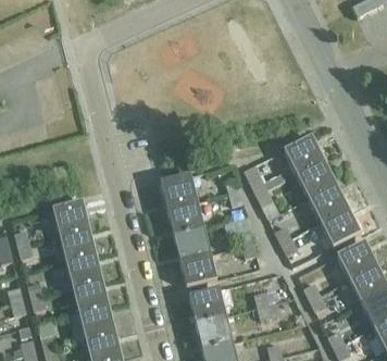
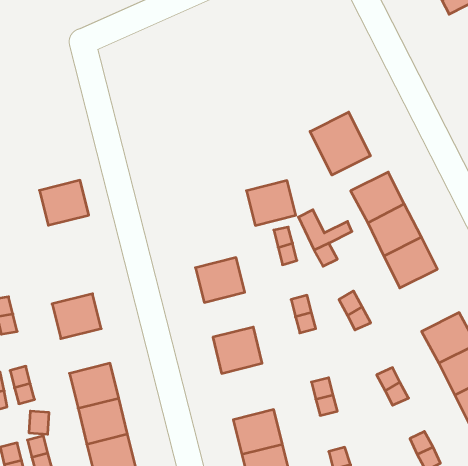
building: none -> [310,112,370,175]
building: [160,173,197,207] -> [246,181,296,225]
building: [52,200,89,234] -> [39,180,89,225]
building: [320,208,360,246] -> none
building: [173,225,210,259] -> none
building: [65,252,102,286] -> none
building: [188,287,225,321] -> none

